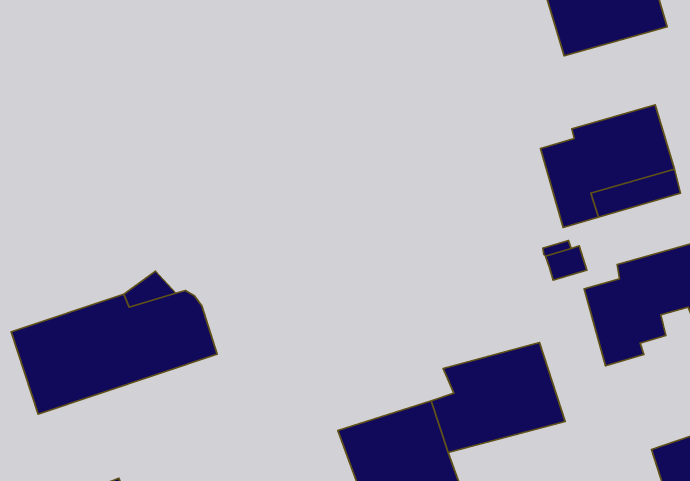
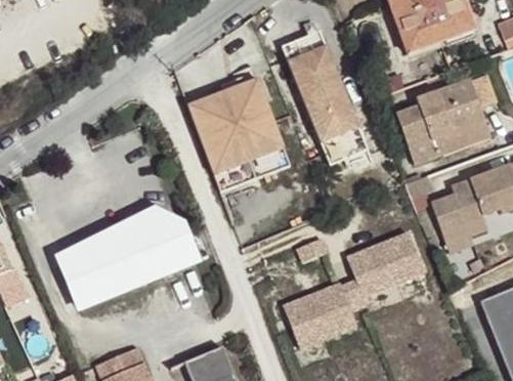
building: none -> [283,30,369,164]
building: none -> [188,78,291,190]

